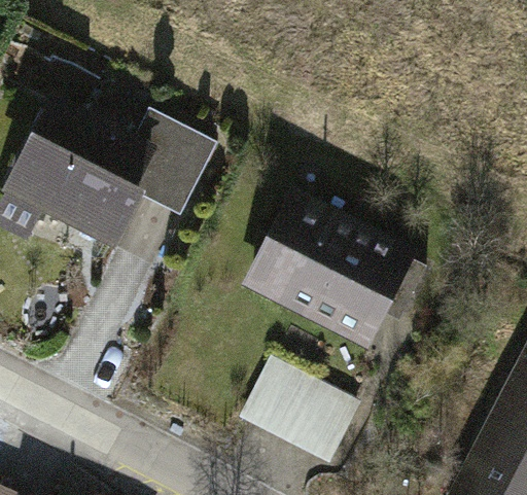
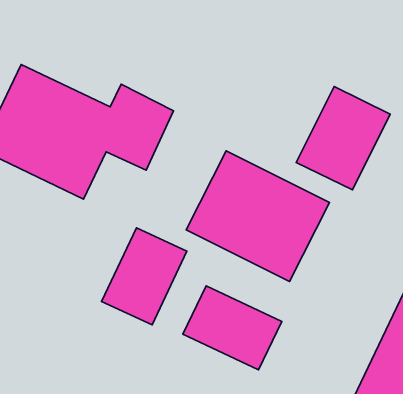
building: none -> [296,87,390,190]
building: none -> [102,228,187,325]

